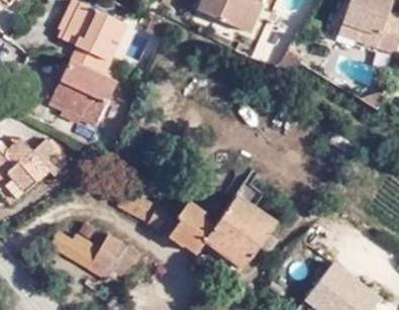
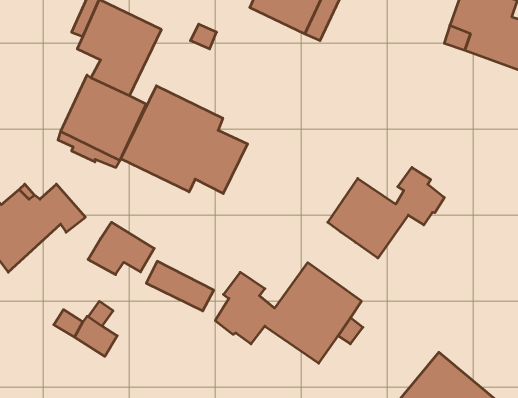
building: none -> [121,86,248,194]
building: none -> [328,167,444,258]
building: [88,236,136,275] -> [88,222,154,275]

